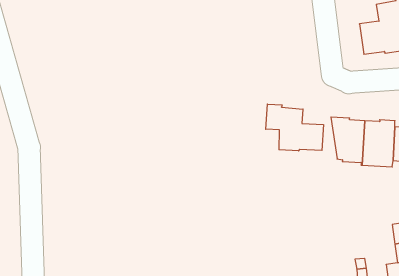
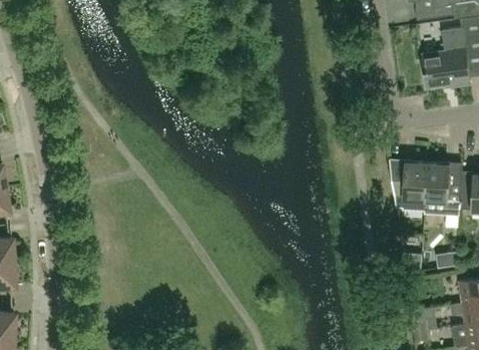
building: [266,104,323,151] -> none

